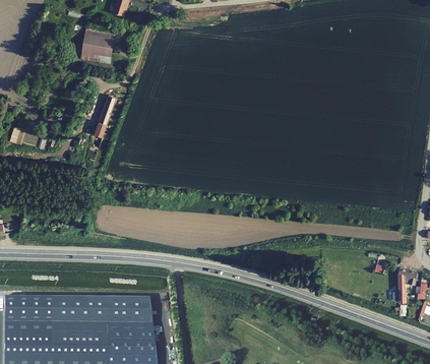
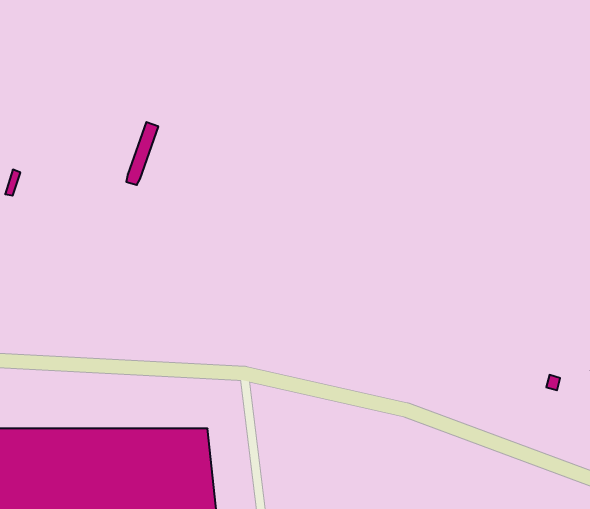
building: [82,25,115,56] -> none

